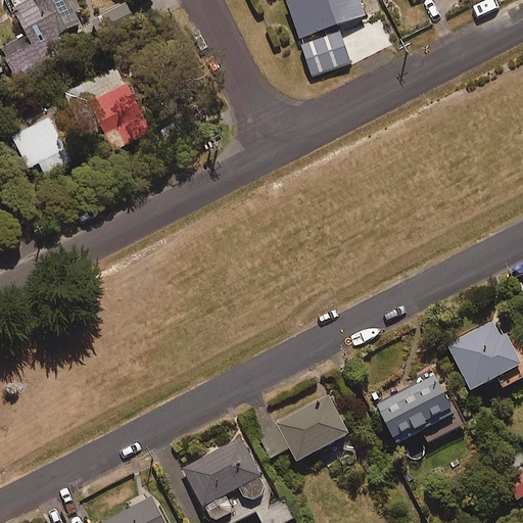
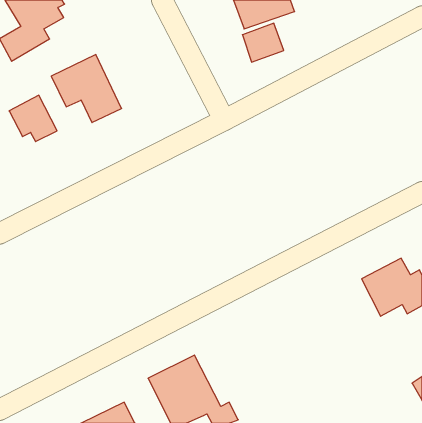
building: [372,366,467,446] -> none
building: [257,394,348,461] -> none

